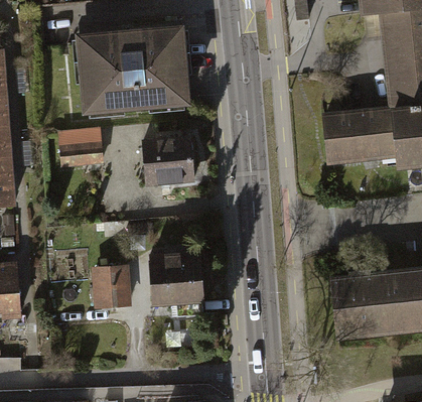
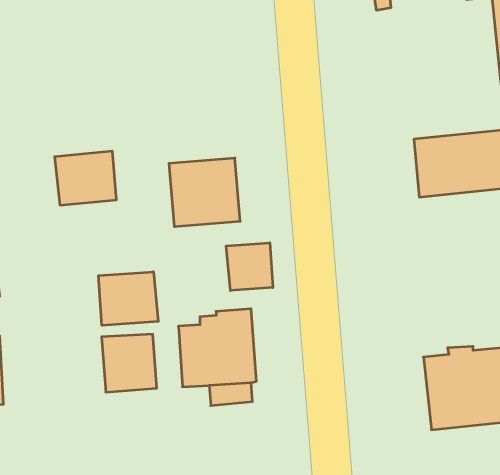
building: [75,28,189,120] -> none
building: none -> [226,243,273,291]
building: none -> [99,272,158,325]

